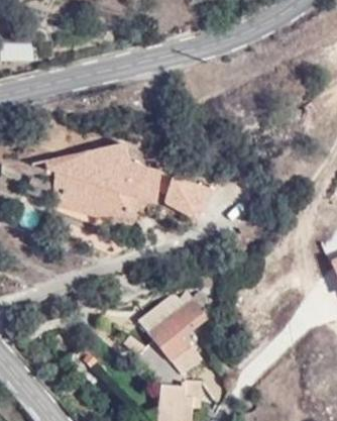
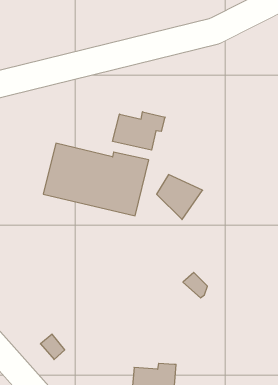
building: none -> [113,112,165,150]
building: [135,291,208,363] -> none

